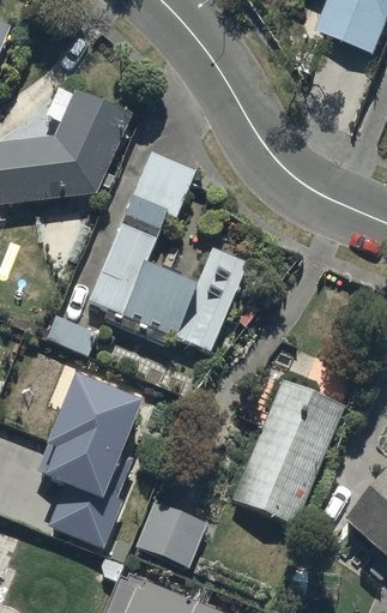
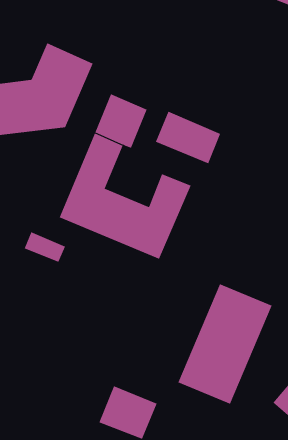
building: none -> [155,111,221,164]
building: [37,375,143,548] -> none

